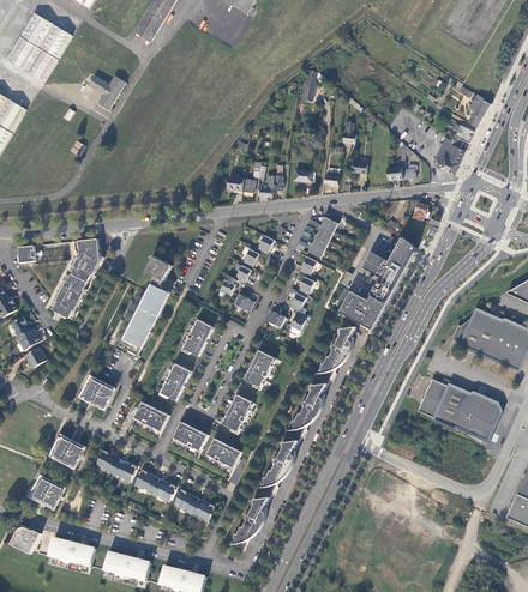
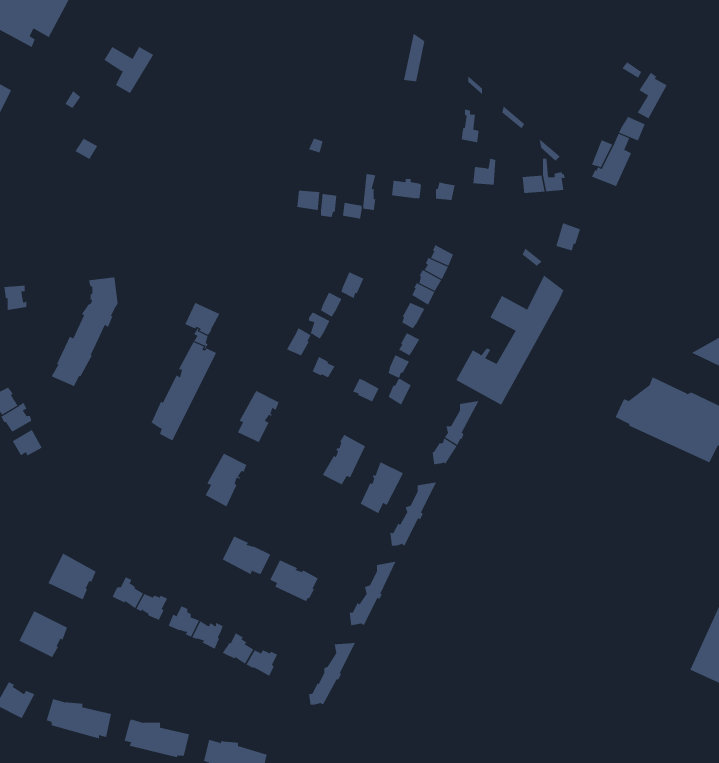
building: [79,375,114,409] -> none
building: [415,379,499,440] -> none
building: [222,394,253,431] -> [360,461,404,514]
building: [133,401,169,433] -> none

